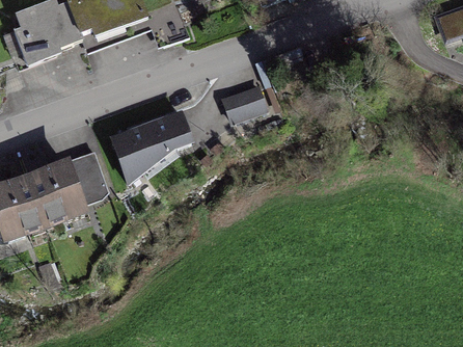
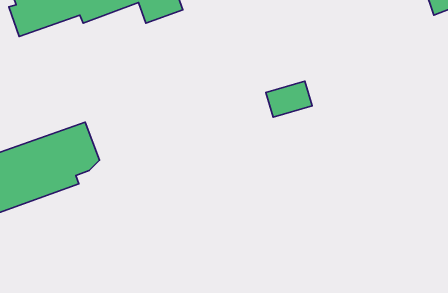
building: [222,82,269,118] -> [266,81,312,117]
building: [111,110,195,181] -> none

